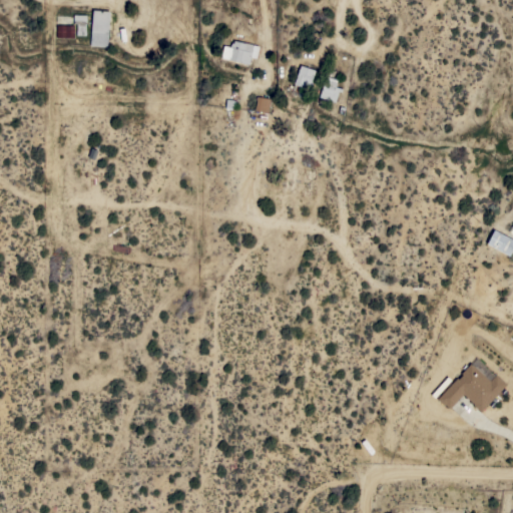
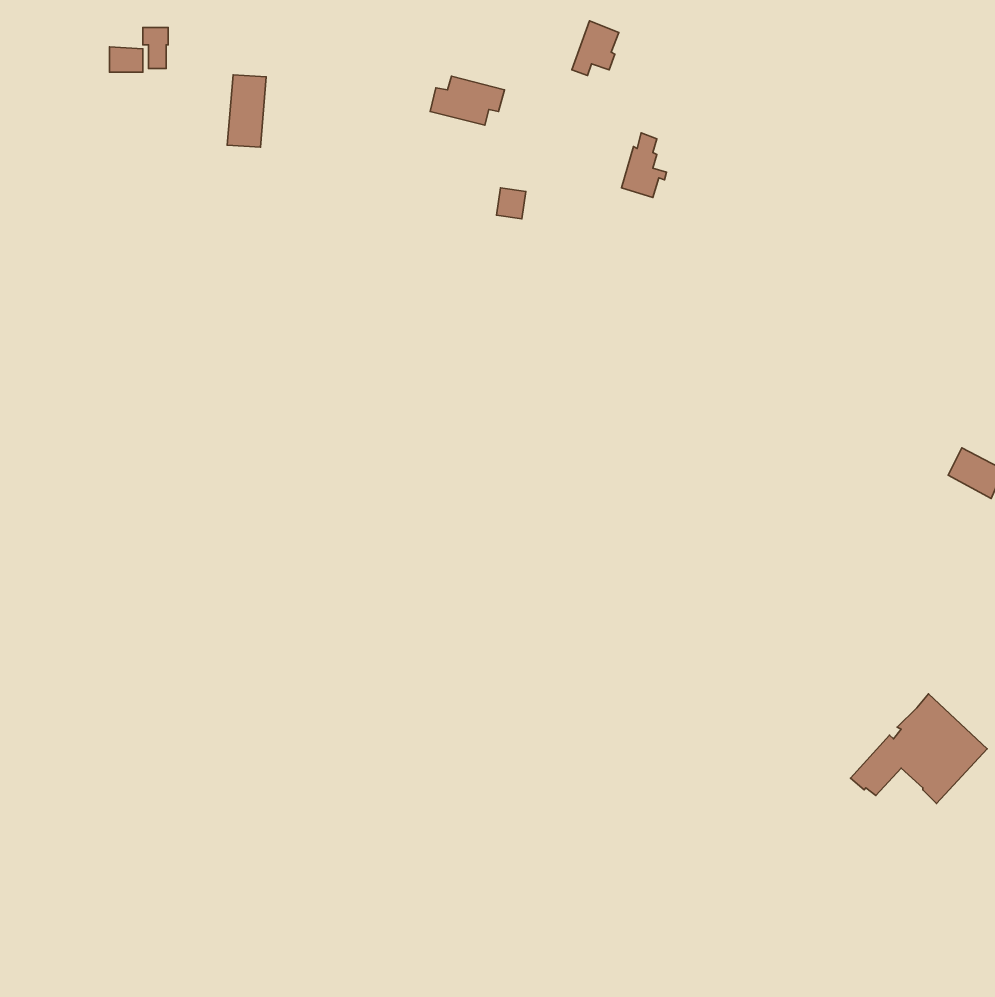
building: [91,10,111,47] -> [227,75,266,147]
building: [293,65,317,93] -> [572,21,619,76]

